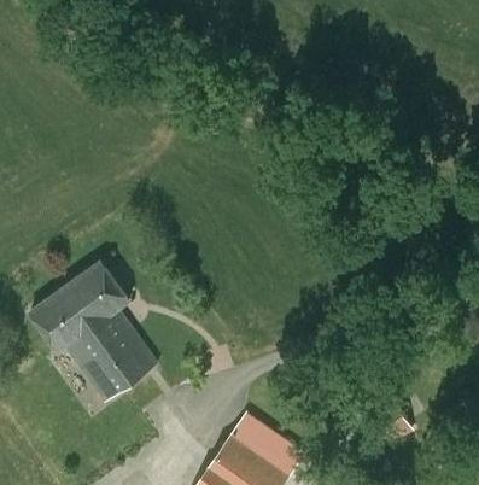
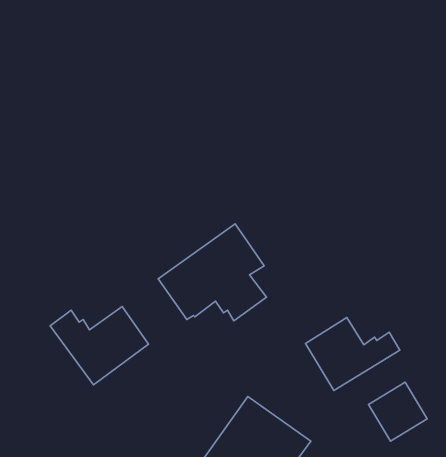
building: [31,261,132,350] -> [158,224,267,321]
building: none -> [306,317,400,390]

